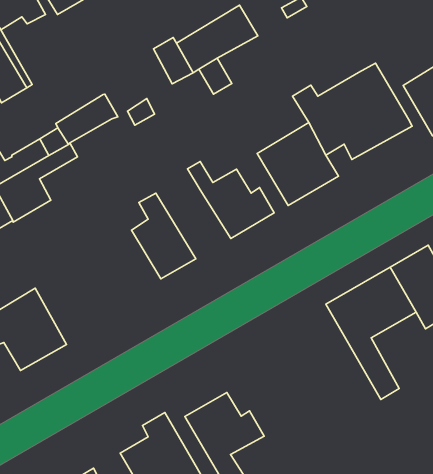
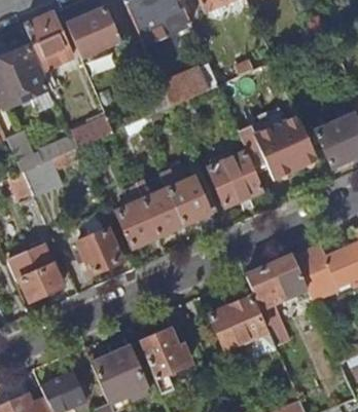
building: none -> [134,179,183,234]
building: none -> [76,227,120,271]
building: none -> [209,296,263,348]

